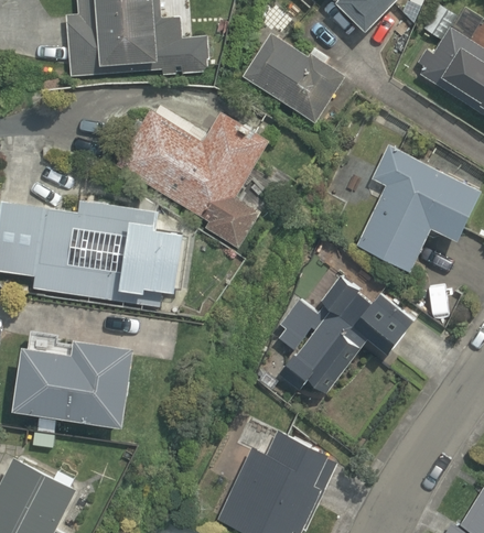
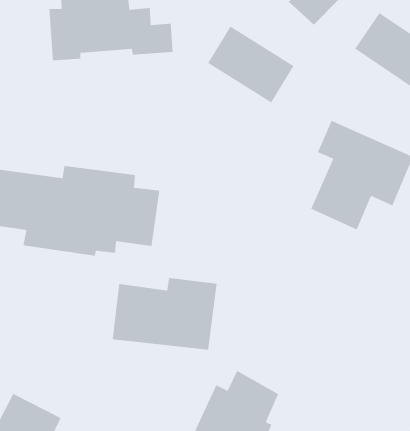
building: [118,109,271,246] -> none
building: [276,272,411,398] -> none
building: [11,345,132,428] -> [112,277,218,350]

